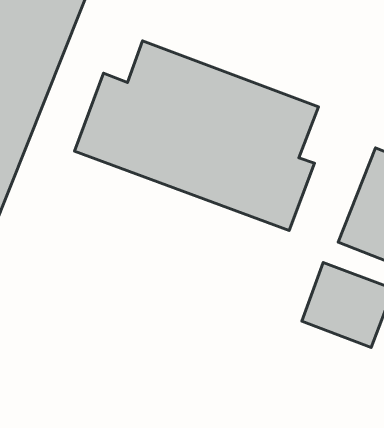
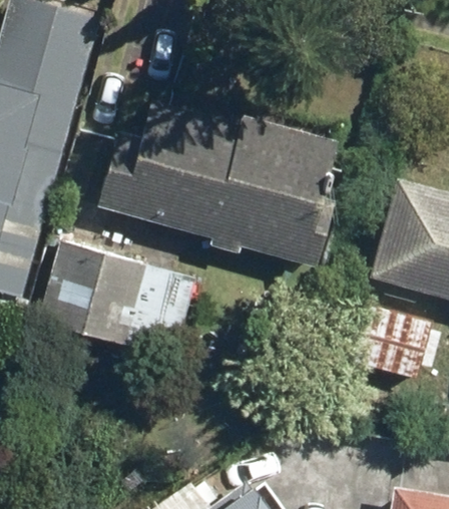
building: none -> [37,241,199,351]

